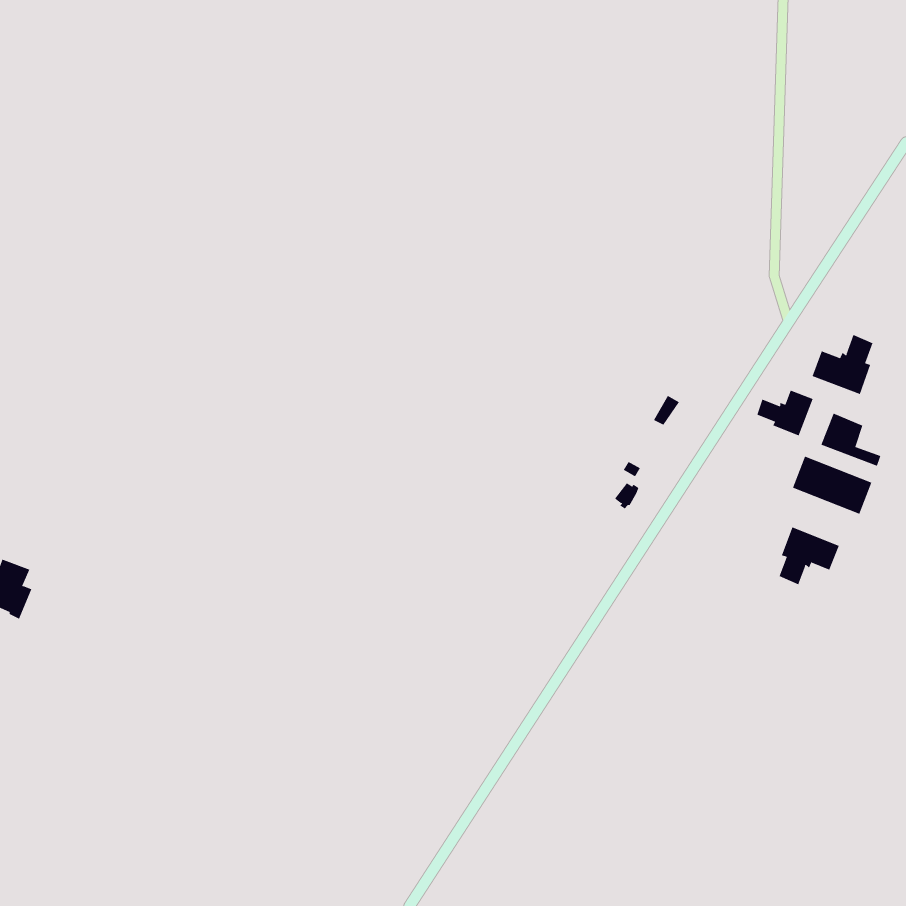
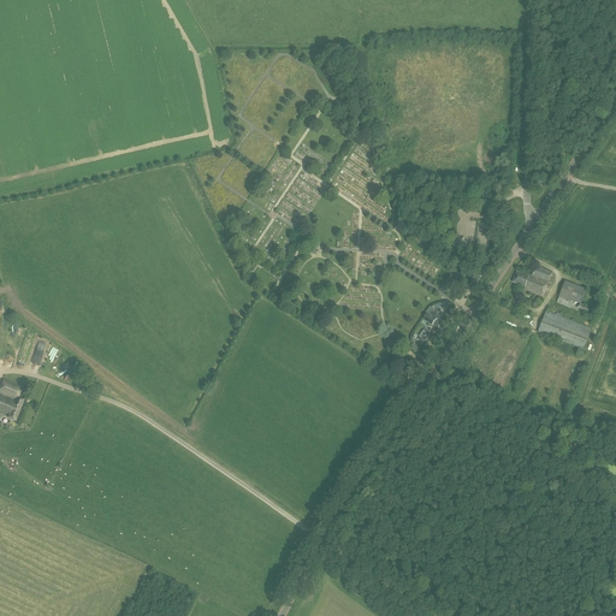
building: [812,334,873,395] -> none
building: [779,527,839,585] -> none

